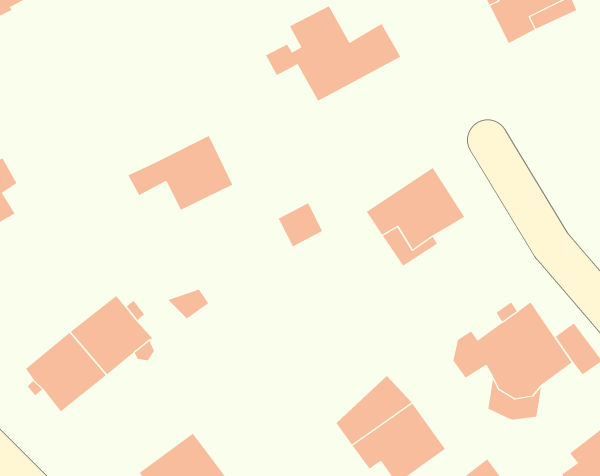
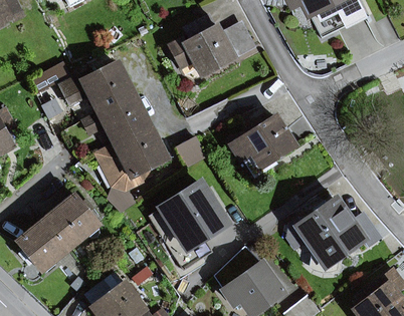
building: none -> [59,62,134,111]
building: none -> [98,125,165,186]
building: none -> [149,183,225,269]

